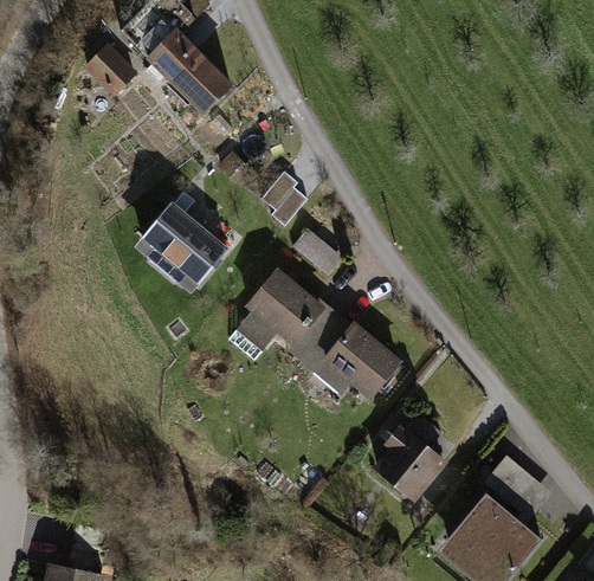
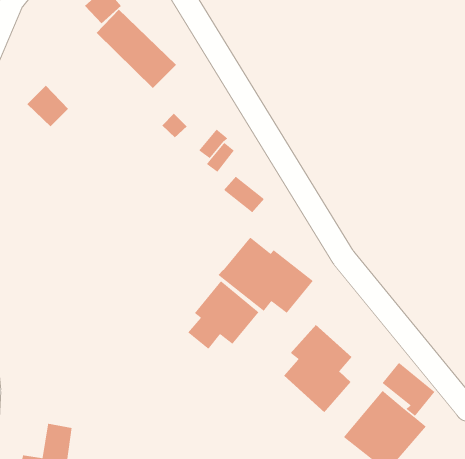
building: [85,47,137,99] -> [26,85,69,127]
building: [136,199,227,289] -> none
building: [237,264,325,349] -> [187,280,260,350]

